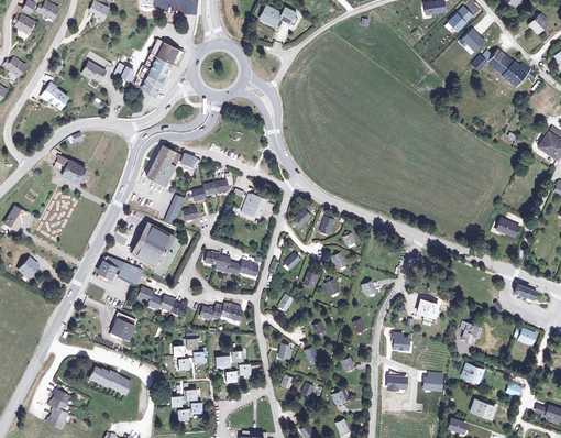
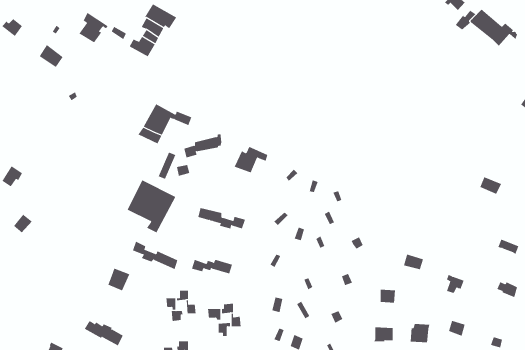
building: [53,151,86,184] -> none
building: [97,256,143,284] -> none

